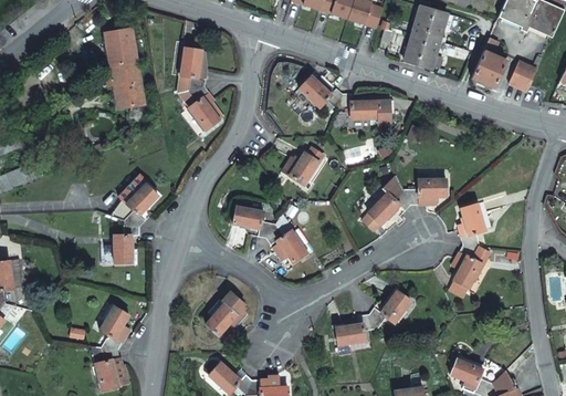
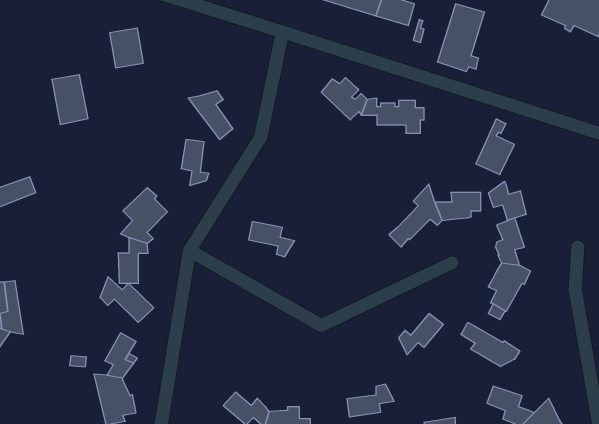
building: [472,37,507,87] -> [476,119,514,175]
building: [180,49,206,91] -> [181,140,209,185]
building: [509,60,537,91] -> none
building: [111,61,144,106] -> [52,75,88,124]
building: [282,147,323,184] -> none
building: none -> [489,181,526,220]
building: [265,212,306,262] -> none
building: none -> [100,277,154,322]
building: [205,291,249,335] -> none
building: none -> [461,323,520,367]
building: [334,312,377,342] -> [347,384,394,417]

